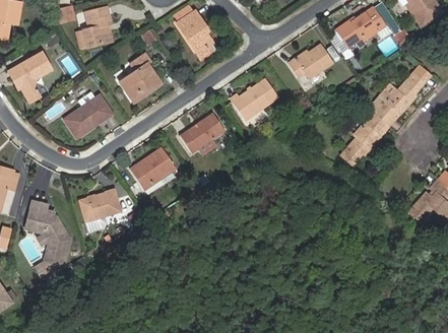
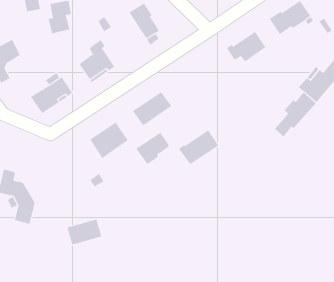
building: [231,78,277,119] -> [178,129,219,165]
building: none -> [135,132,170,165]
building: [78,191,119,221] -> [67,219,102,245]

